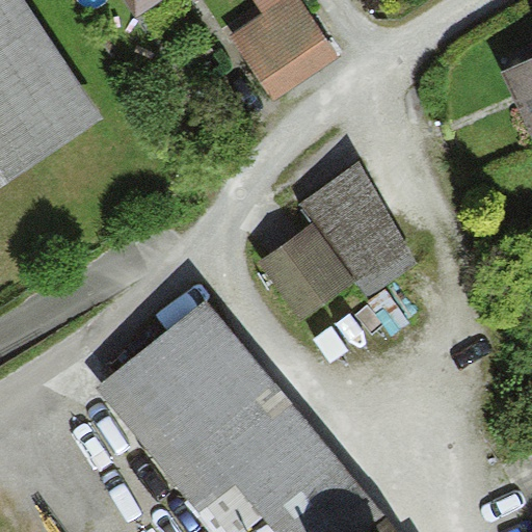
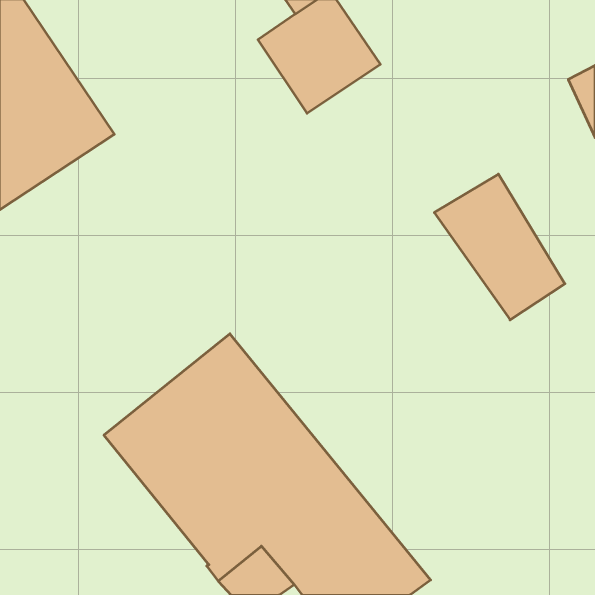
building: [301,162,418,292] -> [434,174,565,320]
building: [258,222,352,319] -> none

